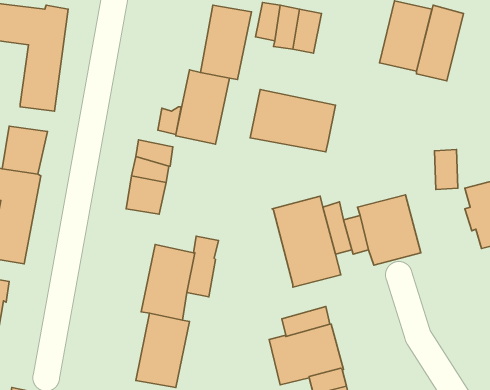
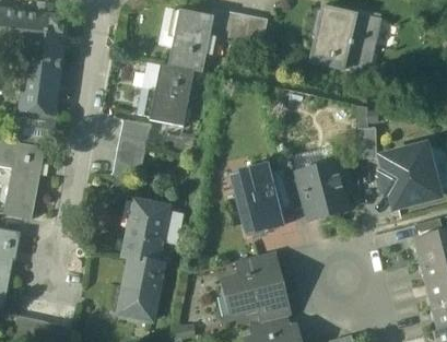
building: [250,89,335,152] -> none
building: none -> [19,90,56,113]

